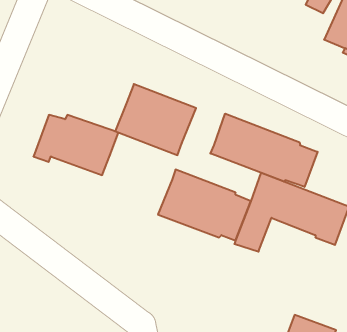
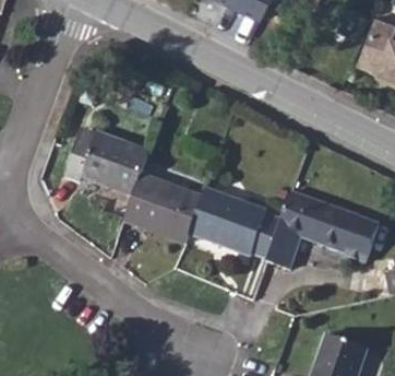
building: [115,84,196,155] -> [122,174,203,245]
building: [210,114,318,187] -> none

